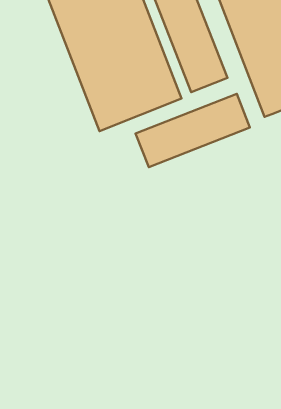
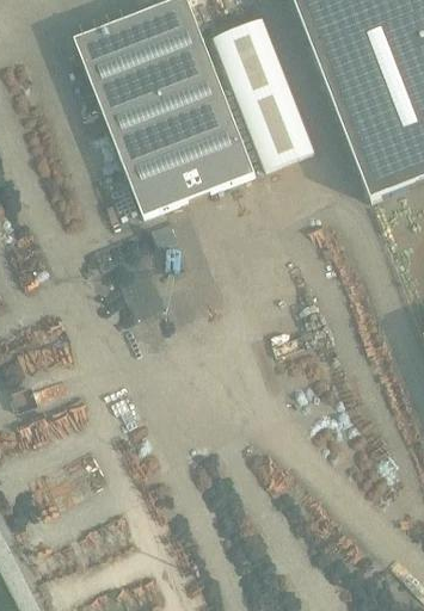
building: [136,94,250,167] -> none

